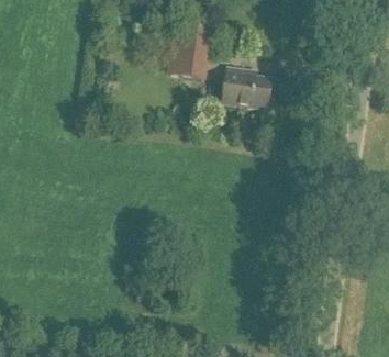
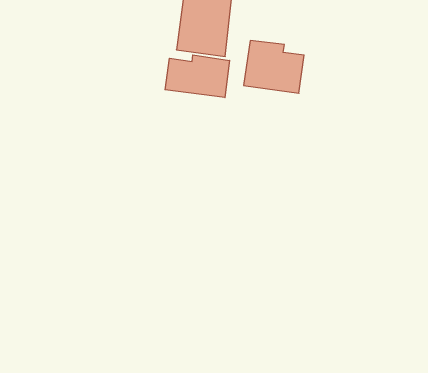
building: none -> [165,55,230,98]

